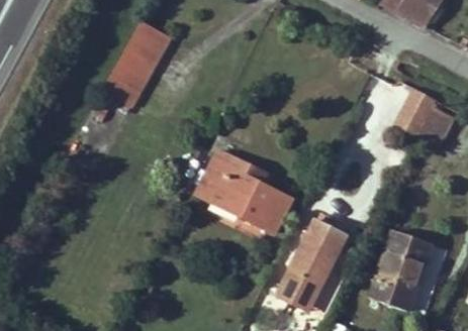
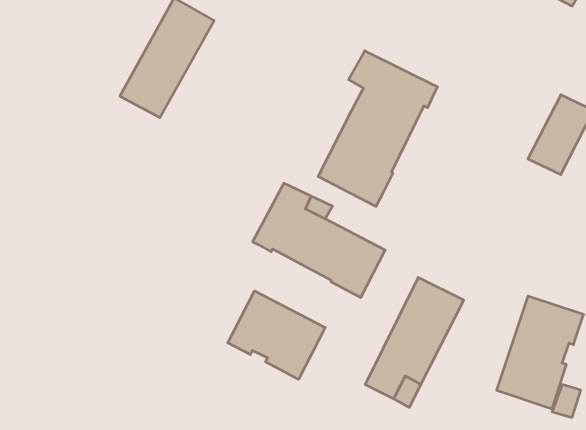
building: none -> [318,51,438,206]
building: none -> [228,291,325,379]

